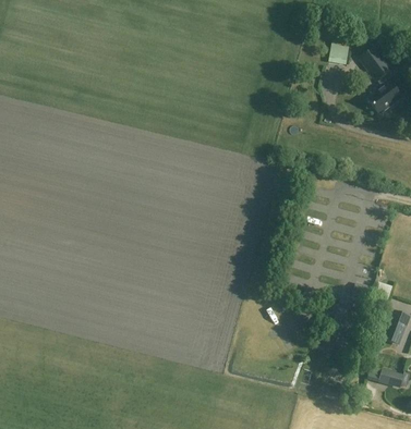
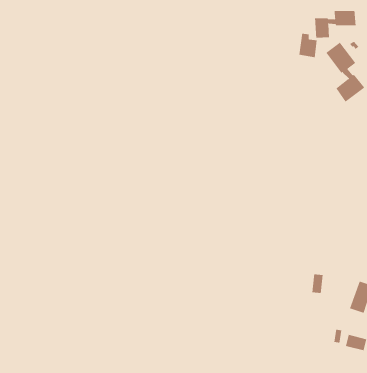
building: none -> [314,10,356,39]

